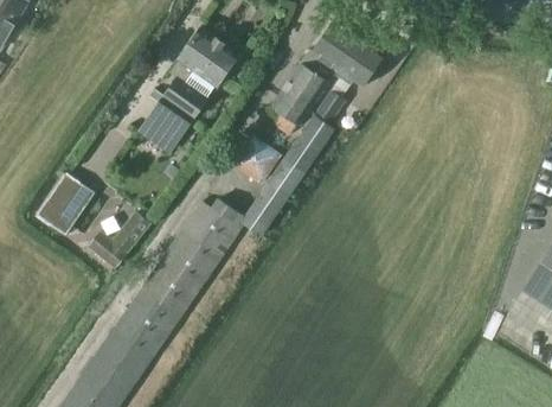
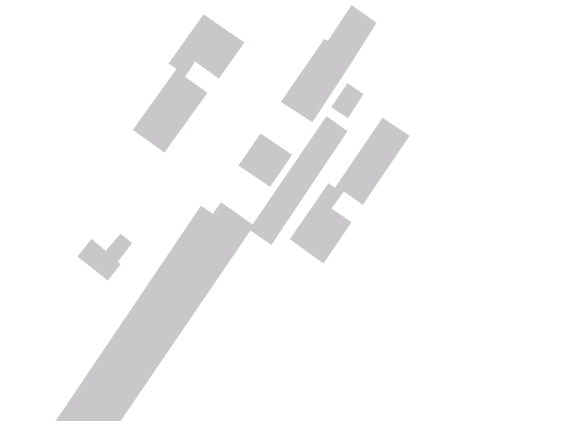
building: [334,36,385,87] -> none
building: none -> [289,117,410,264]
building: [45,180,90,231] -> none

